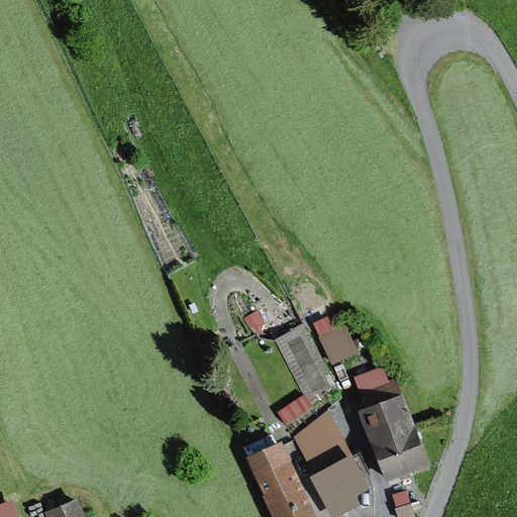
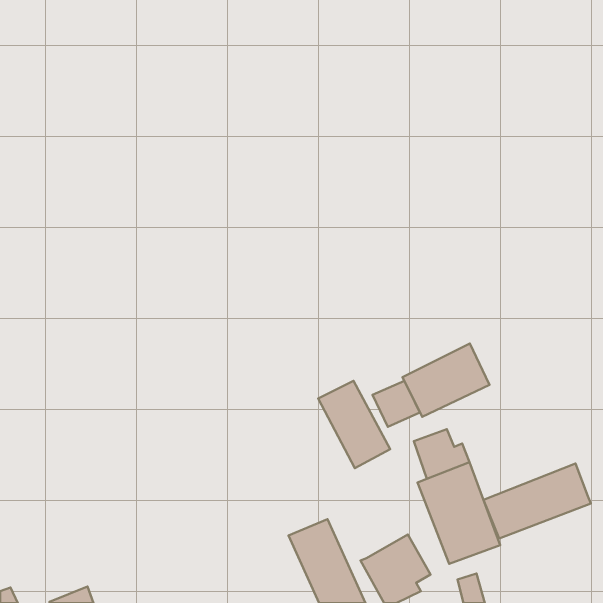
building: none -> [403,344,490,417]
building: none -> [483,463,591,539]
building: [295,409,349,477] -> none

